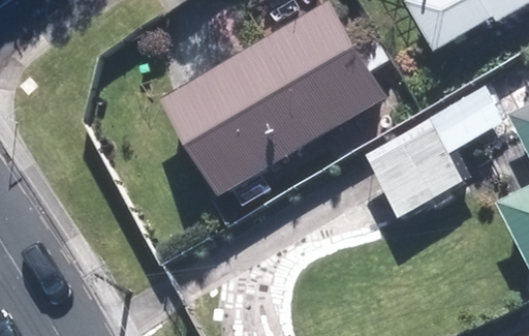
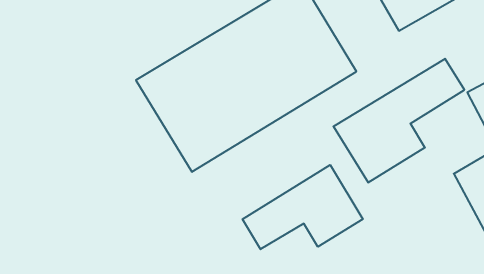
building: none -> [243,165,363,249]

